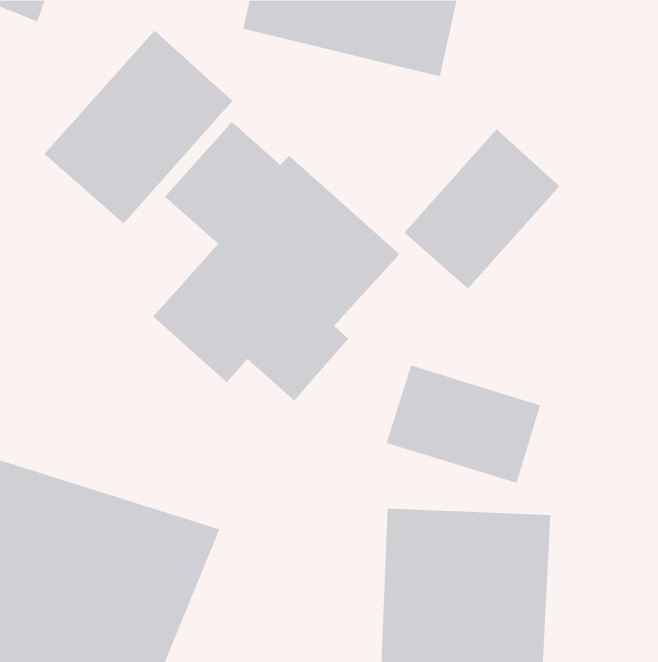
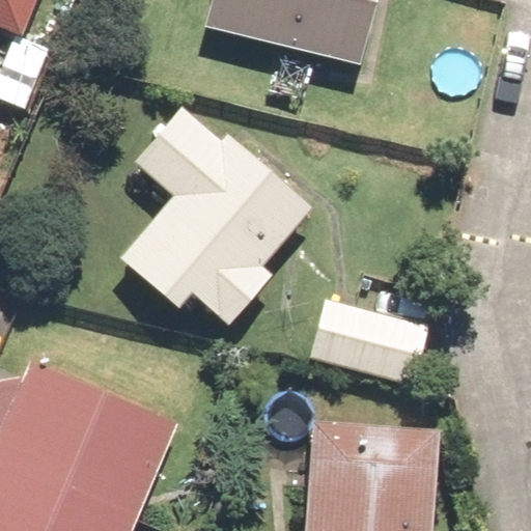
building: [44,30,233,224] -> none
building: [403,129,560,290] -> none

